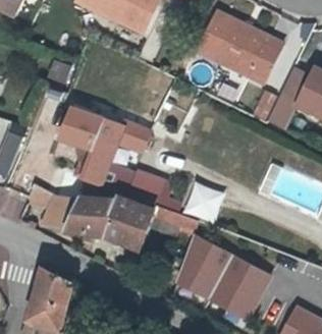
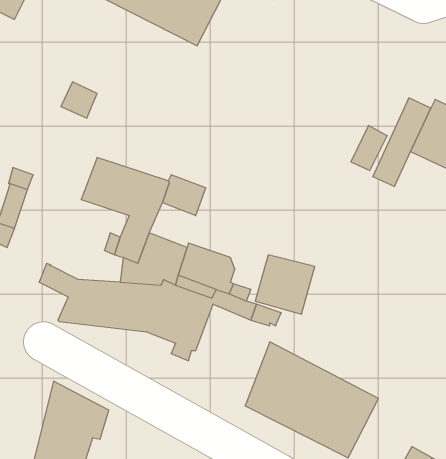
building: [198,12,276,79] -> none

